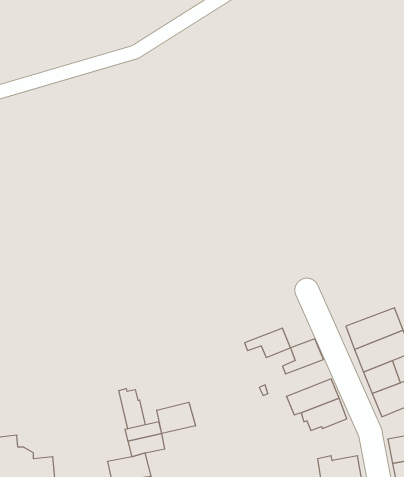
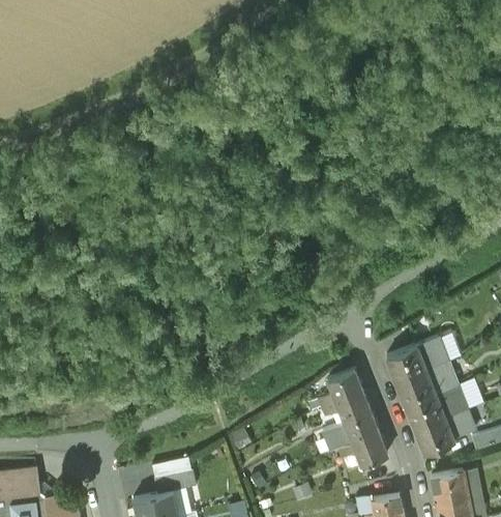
building: [245,328,290,357] -> [323,391,372,422]
building: [119,388,145,429] -> none
building: [157,402,195,434] -> none

